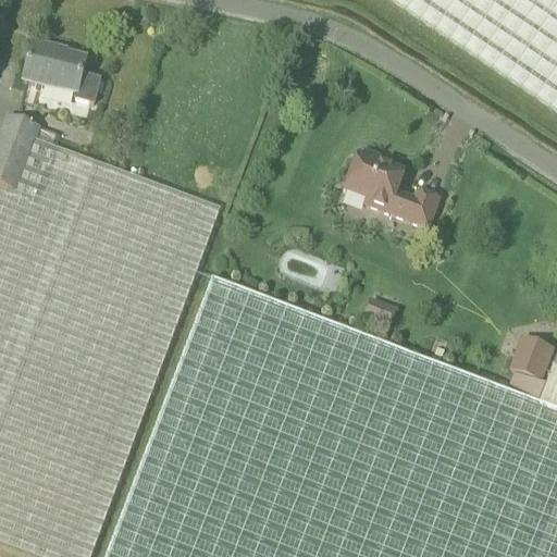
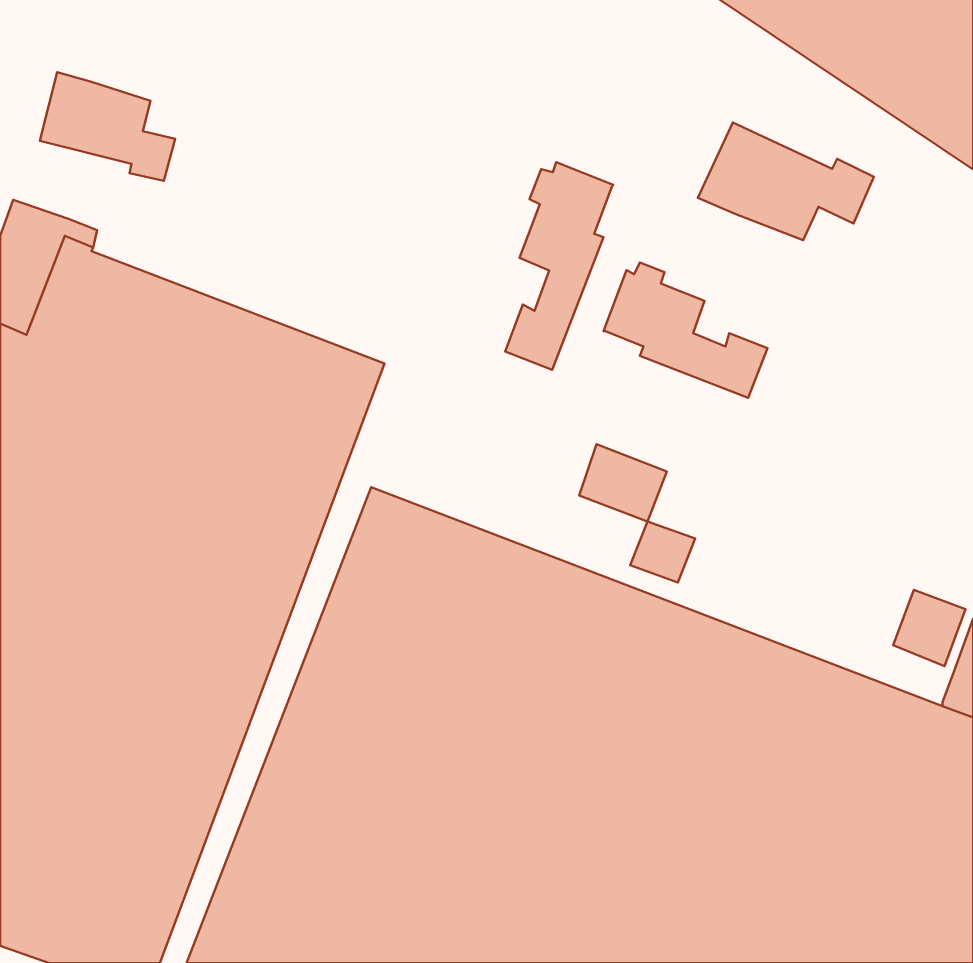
building: none -> [698,123,874,240]
building: none -> [505,162,613,370]
building: none -> [579,444,667,521]
building: [507,372,545,401] -> none

